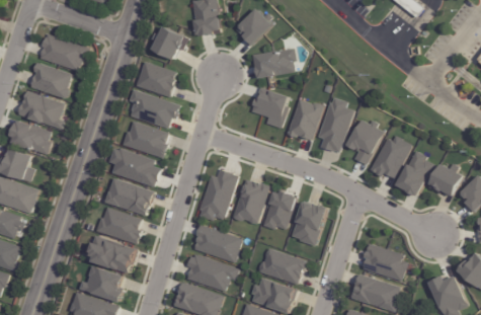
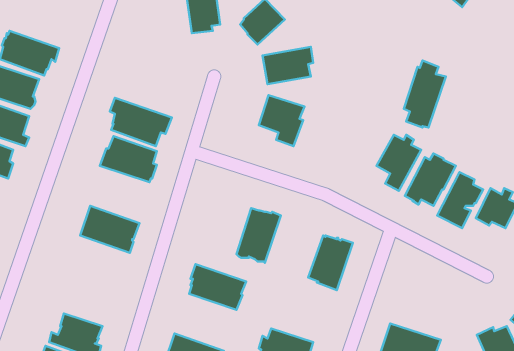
building: [151,26,188,60] -> none
building: [136,61,175,97] -> none
building: [318,97,352,152] -> [404,61,446,128]
building: [287,99,323,140] -> none
building: [108,148,160,186] -> none
building: [199,169,237,221] -> none
building: [262,189,297,230] -> none
building: [97,208,142,243] -> none
building: [87,236,136,272] -> none
building: [363,245,406,281] -> none
building: [259,248,307,284] -> none
building: [186,254,237,291] -> none

